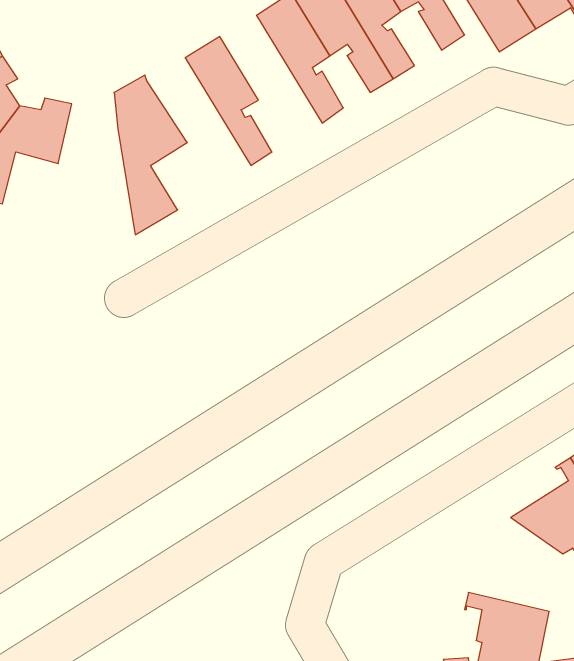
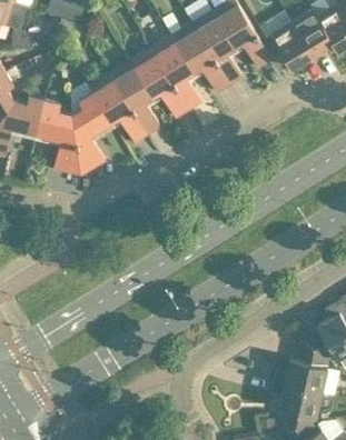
building: none -> [130,49,189,119]
building: none -> [88,73,148,143]
building: none -> [37,100,81,176]
building: none -> [274,339,328,393]

